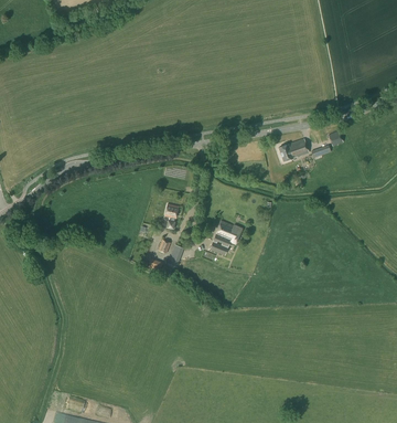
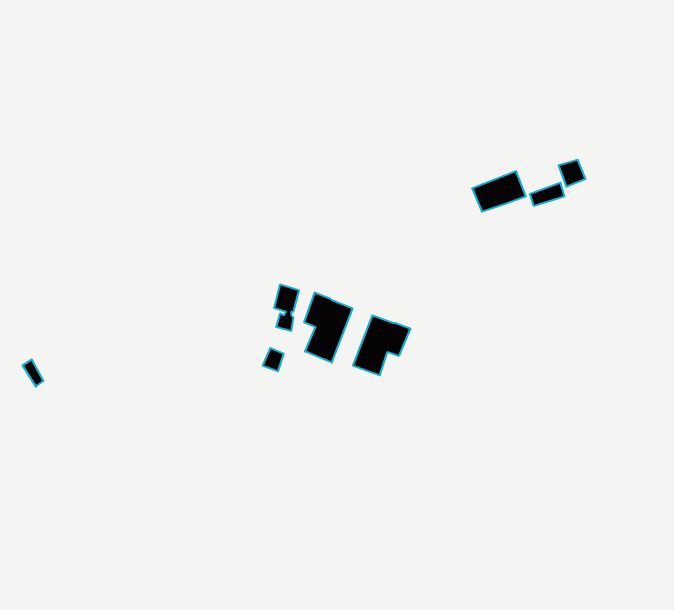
building: none -> [304,292,352,363]

